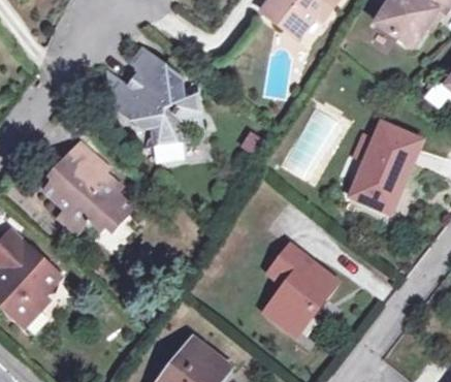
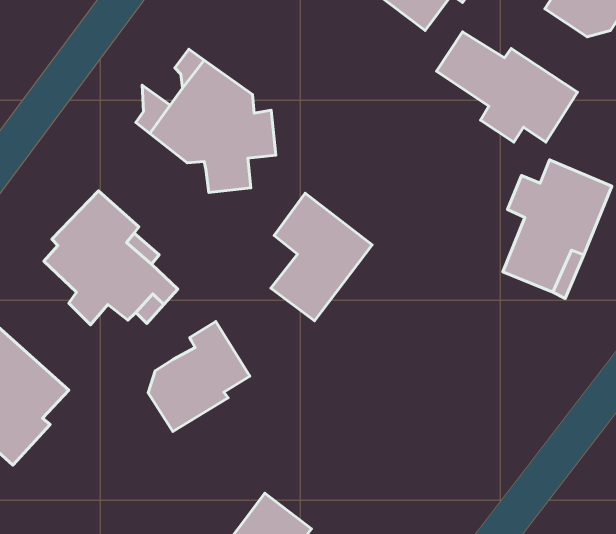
building: none -> [437,32,578,142]
building: none -> [148,321,250,432]
building: [266,245,333,329] -> [271,193,372,321]

